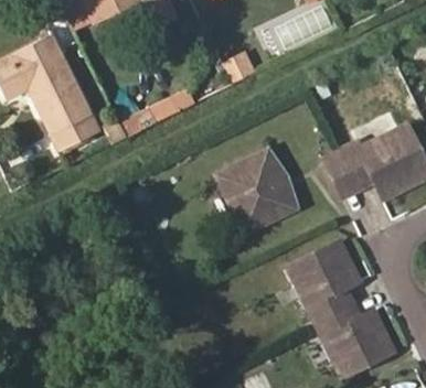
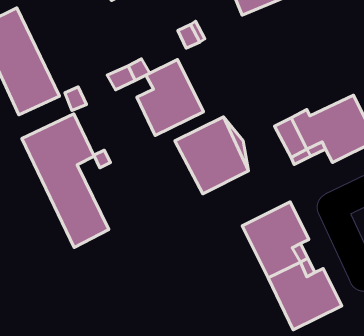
building: none -> [137,60,204,135]
building: none -> [22,114,109,247]

